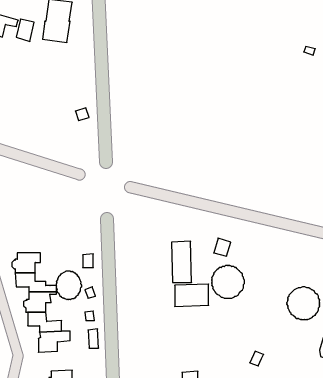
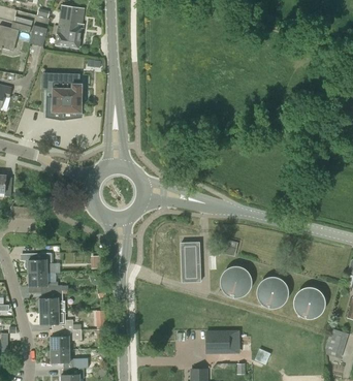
building: none -> [46,73,82,119]
building: [57,271,81,300] -> none
building: none -> [257,277,288,308]
building: [175,284,209,306] -> [205,330,238,352]
building: none -> [47,349,84,369]

